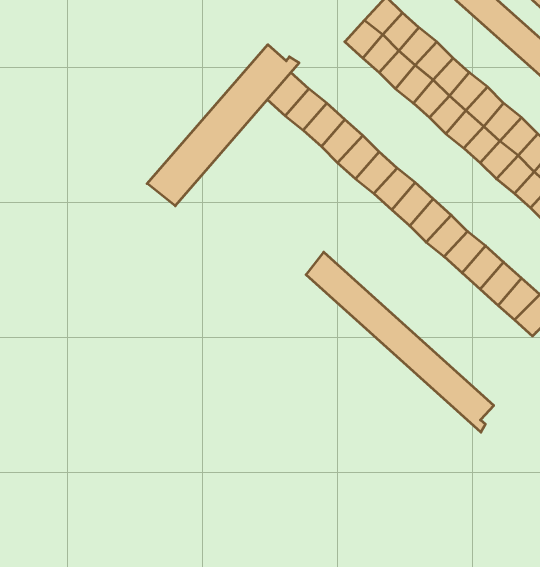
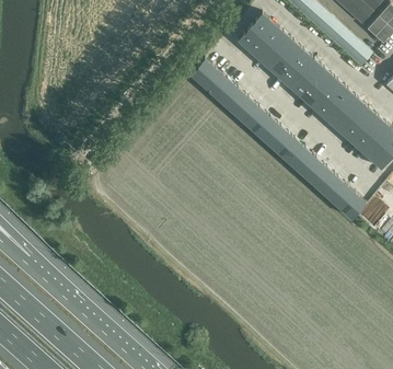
building: [147,45,299,206] -> none
building: [306,252,494,432] -> none

